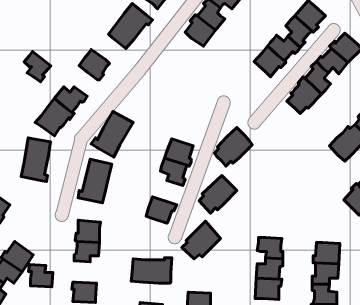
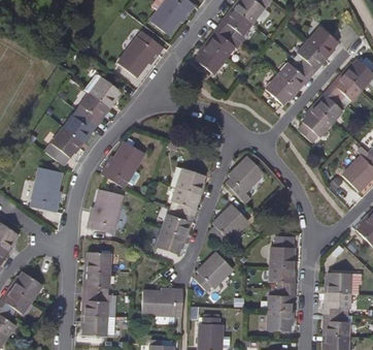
building: [24,52,51,82] -> [80,93,107,124]
building: none -> [163,210,194,233]
building: none -> [270,247,296,268]
building: [28,264,53,287] -> [82,291,107,314]

